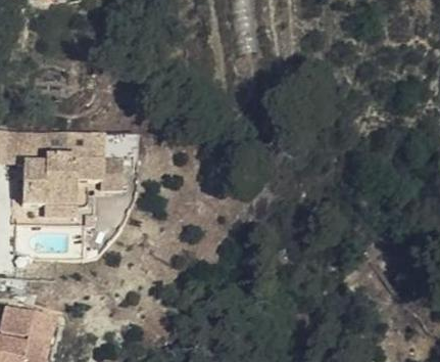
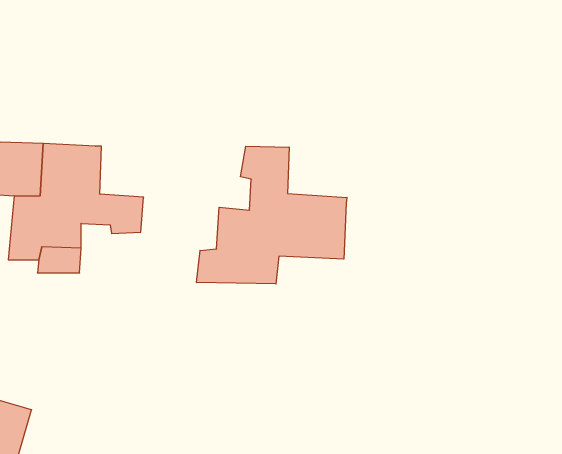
building: none -> [197,146,347,284]

